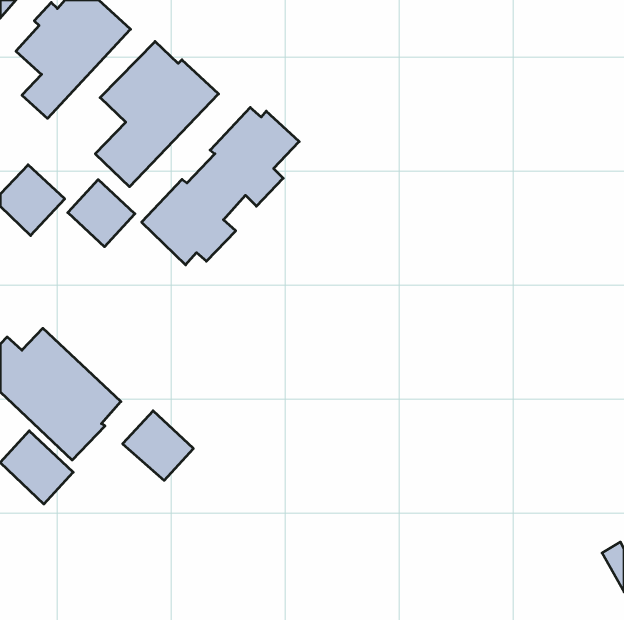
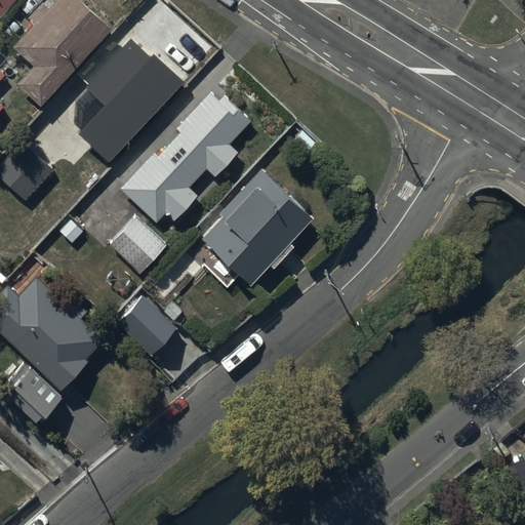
building: [68,180,135,247] -> [110,217,166,274]
building: none -> [204,171,312,283]
building: [123,411,193,480] -> [117,297,176,356]

